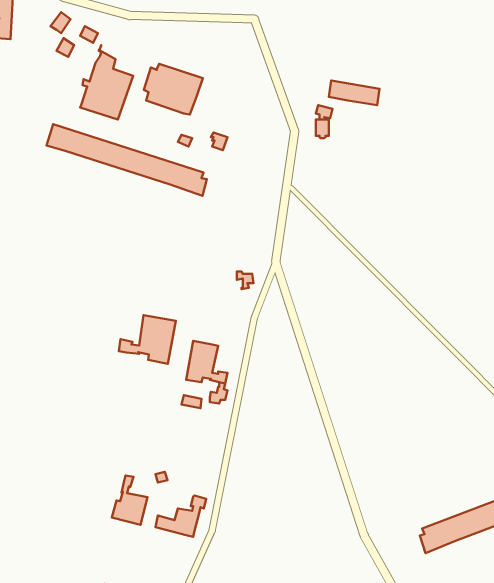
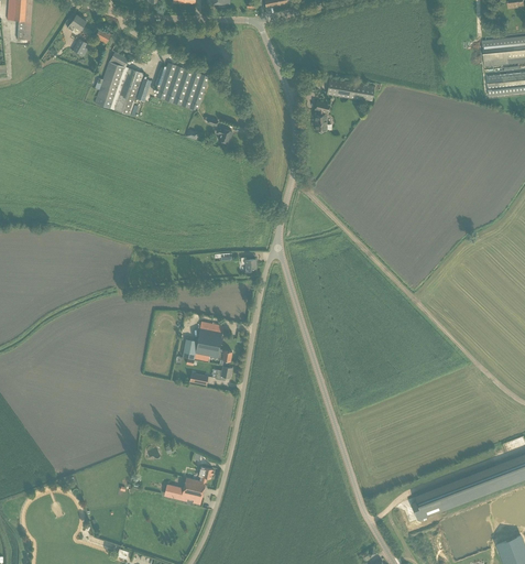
building: [47,124,207,196] -> none
building: [119,315,176,364] -> none
building: [112,475,147,525] -> none

